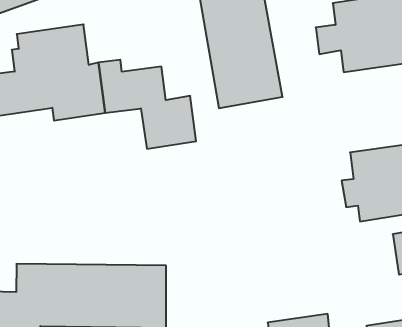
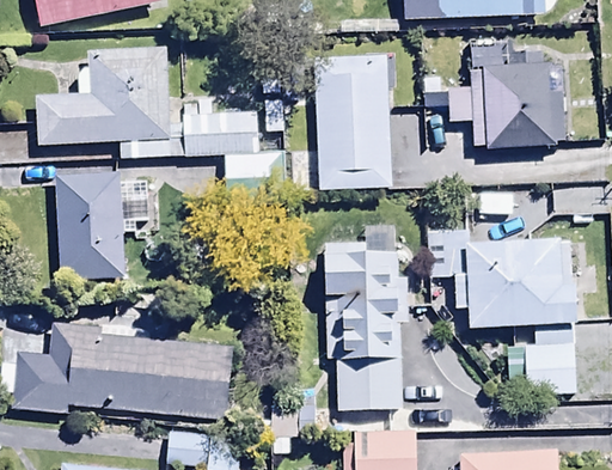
building: none -> [60,173,159,277]
building: none -> [325,225,404,408]

